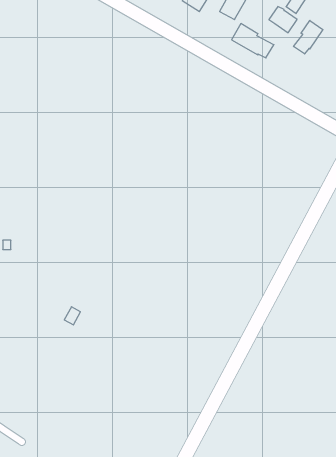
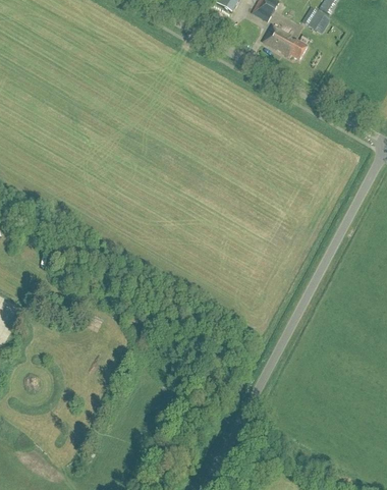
building: [294,20,323,54] -> none

